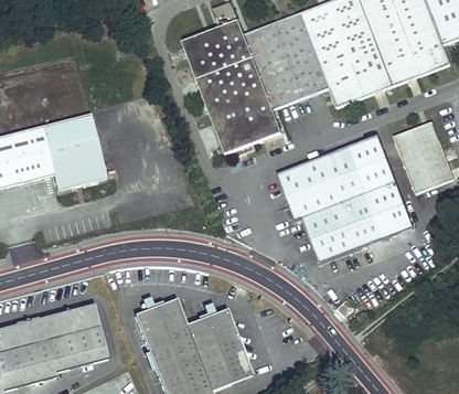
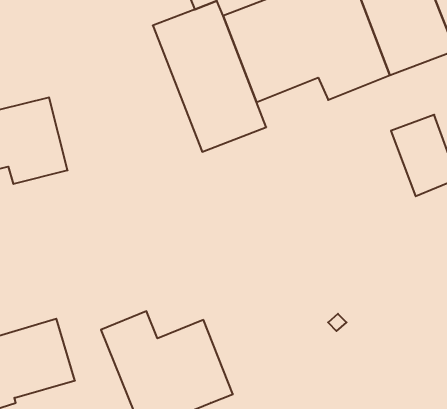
building: [277,135,413,262] -> none

